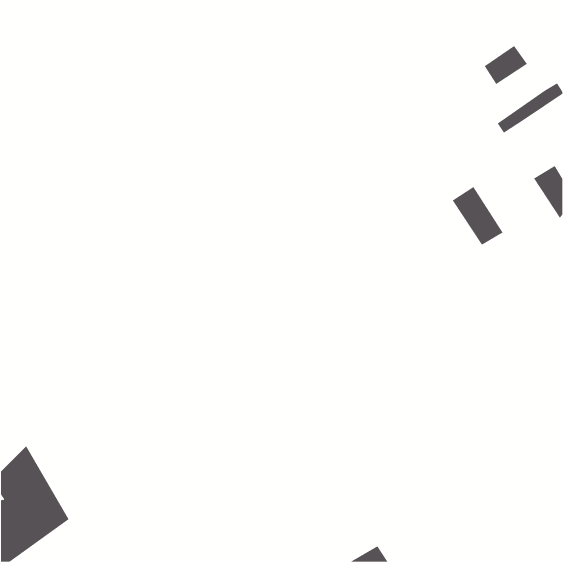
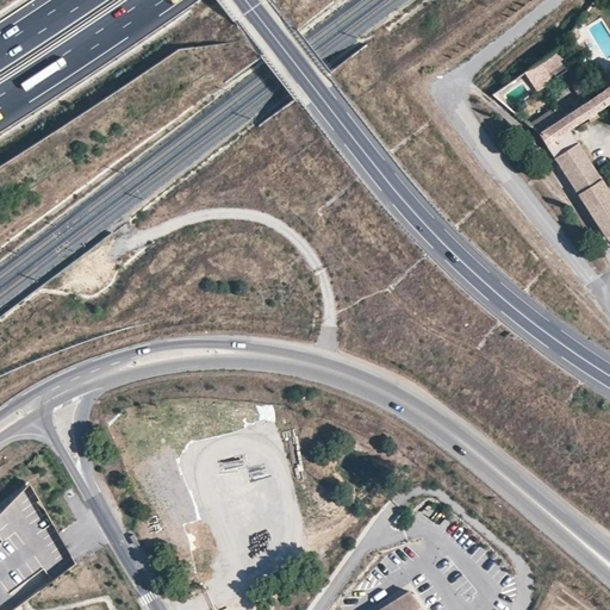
building: [452,186,503,246] -> [544,129,600,193]

